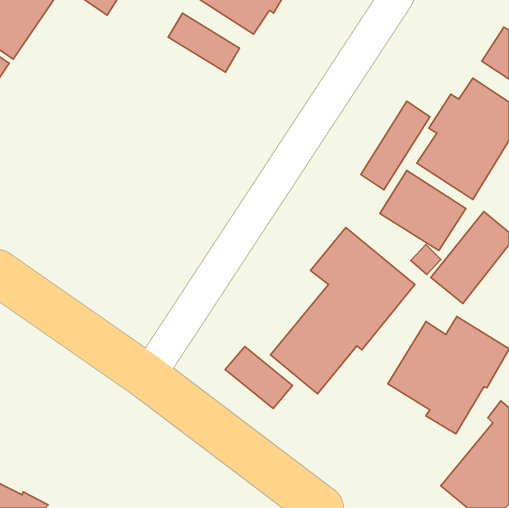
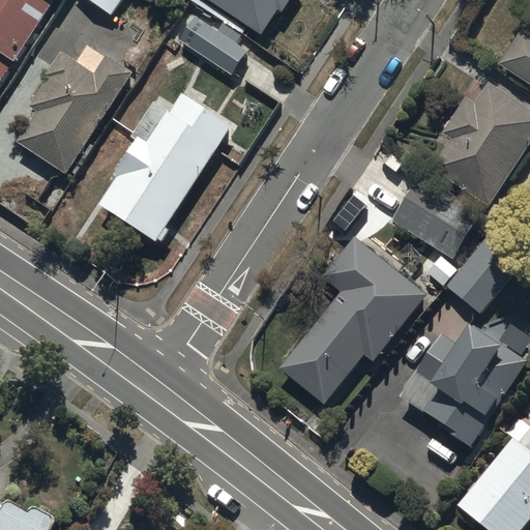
building: none -> [17,50,136,175]
building: none -> [96,93,231,241]
building: [361,101,430,190] -> none
building: [225,346,293,408] -> none

